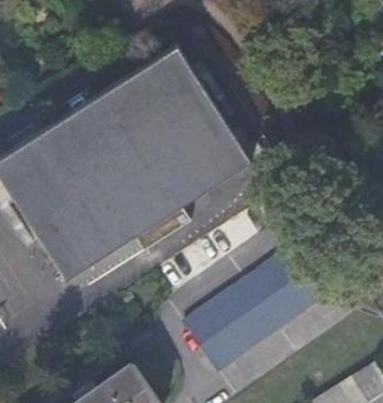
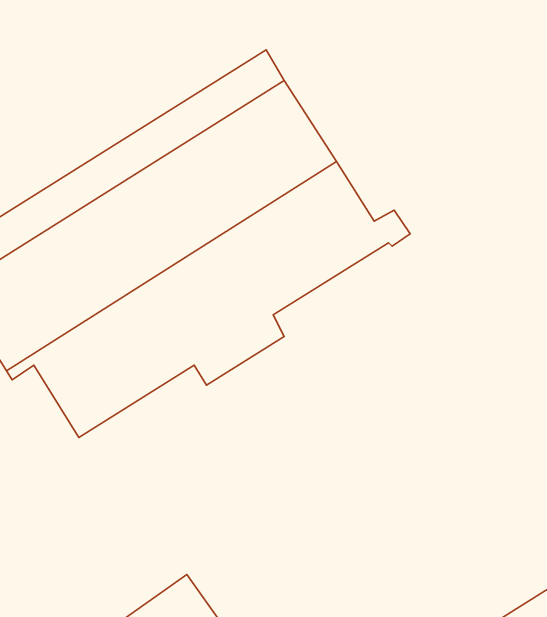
building: [183,236,340,372] -> none

